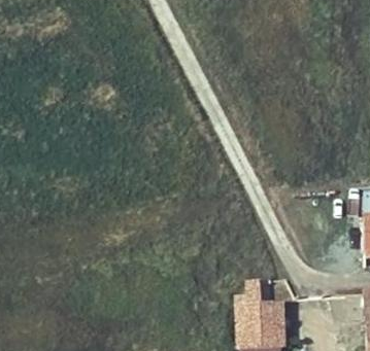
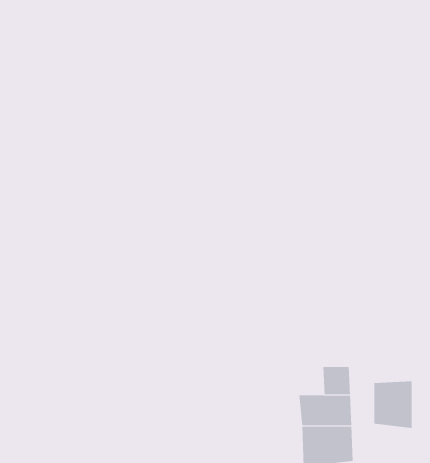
building: none -> [374,380,412,429]

